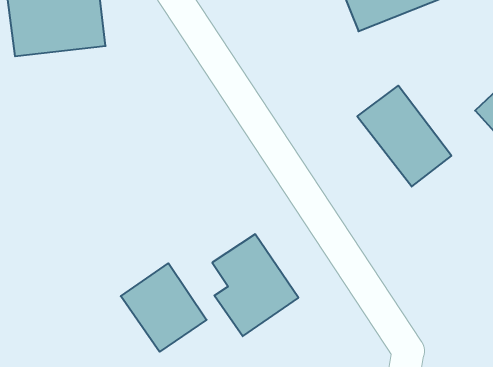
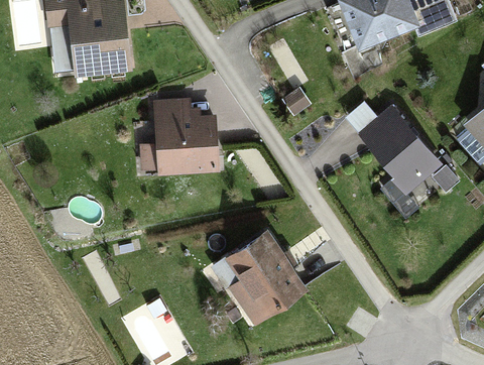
building: none -> [156,103,218,173]
building: [121,263,207,352] -> none

